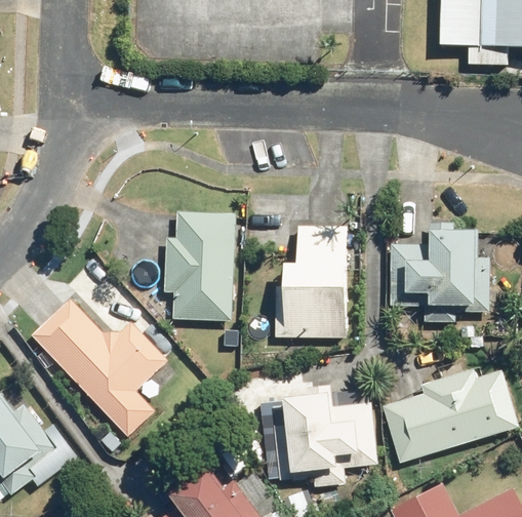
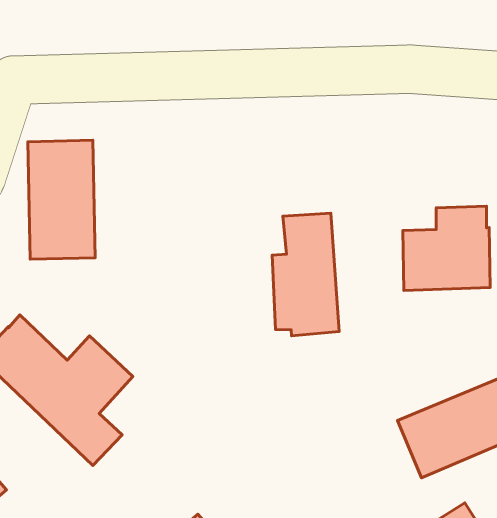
building: [173,215,233,318] -> [28,140,95,259]
building: [280,396,374,470] -> none

